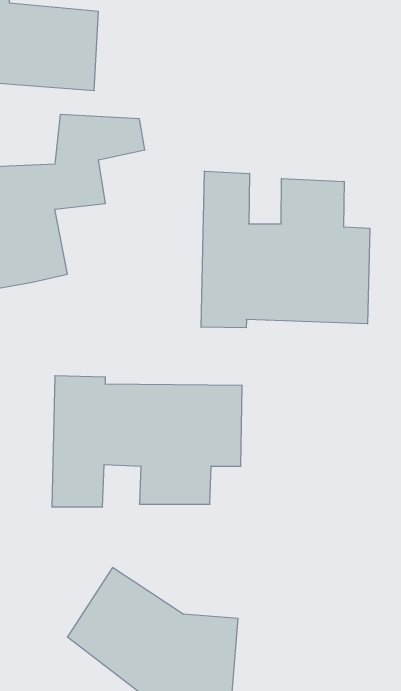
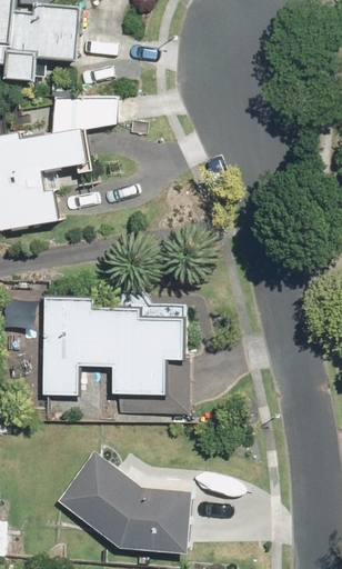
building: [201,171,370,328] -> none

